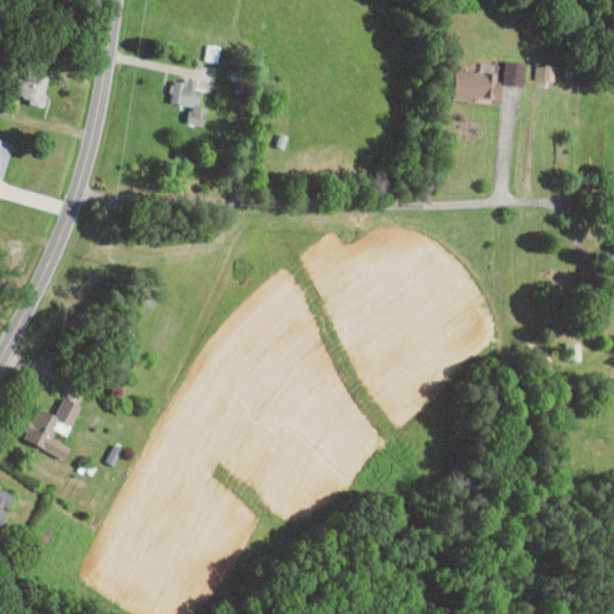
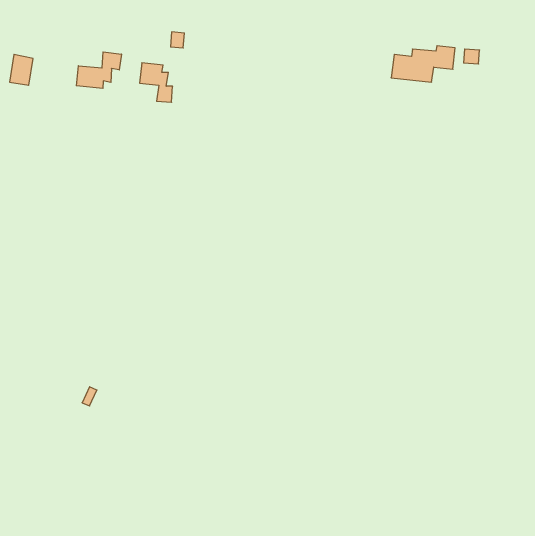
building: none -> [76,52,121,88]
building: [26,397,82,460] -> none

